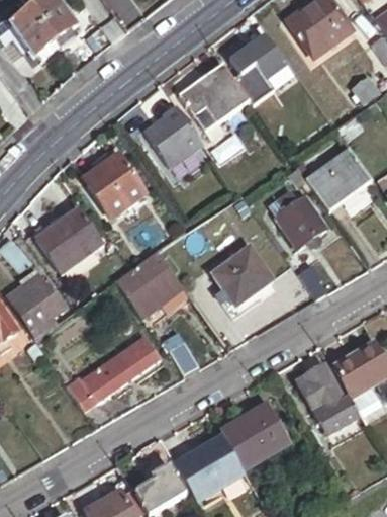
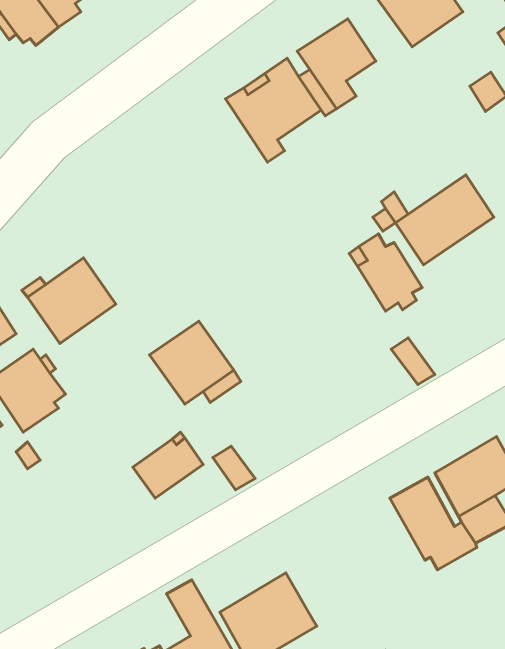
building: [148,104,206,166] -> none
building: [82,154,143,217] -> none
building: [212,247,272,316] -> none
building: [68,358,128,411] -> none
building: [220,402,291,467] -> none

